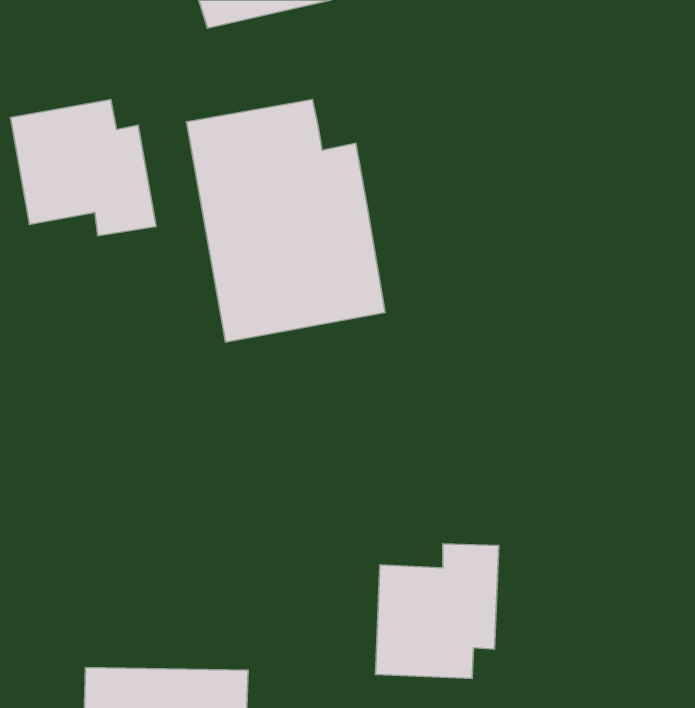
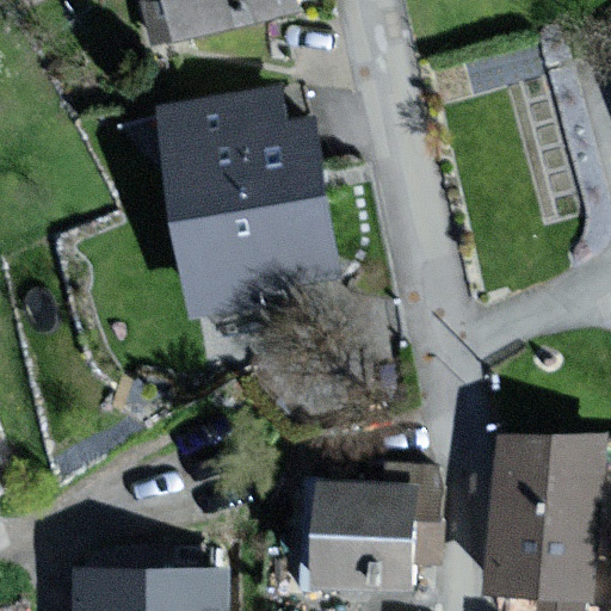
building: [11,99,156,236] -> none
building: none -> [486,439,587,595]

